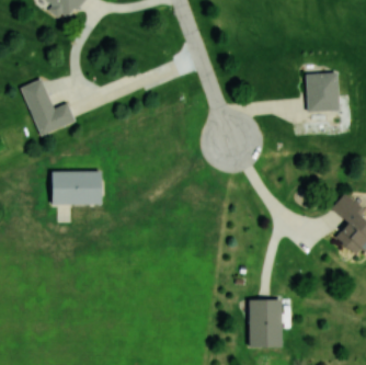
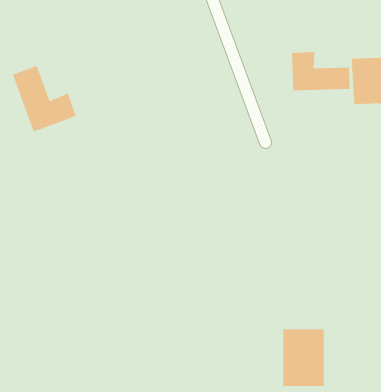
building: none -> [292,51,350,91]
building: [52,171,101,204] -> none

